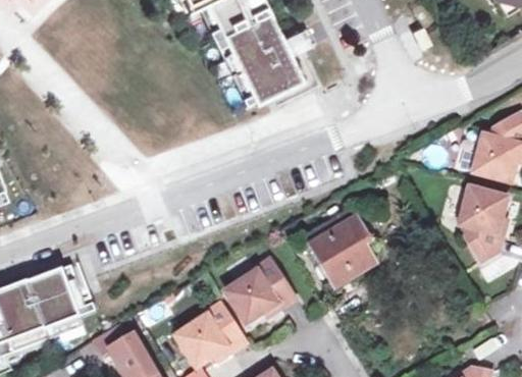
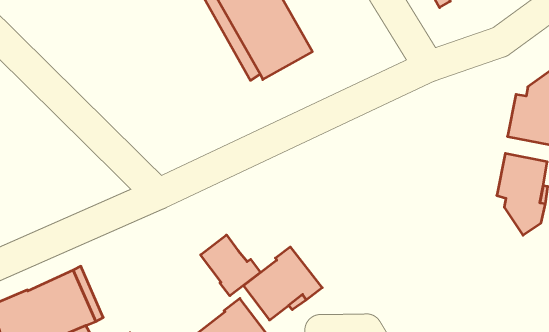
building: [304,208,372,286] -> none
building: none -> [201,235,261,296]

